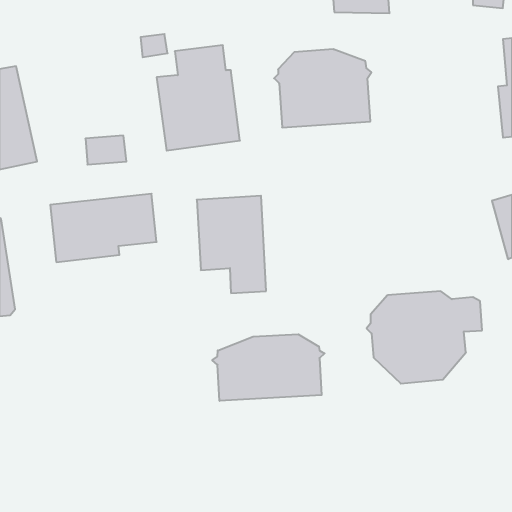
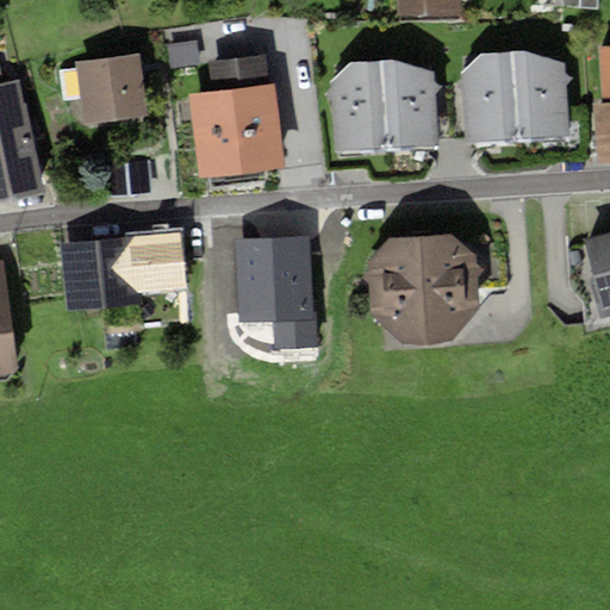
building: none -> [455,50,572,143]
building: none -> [75,52,148,124]
building: [367,291,482,384] -> [362,232,499,342]
building: [212,334,325,401] -> none

